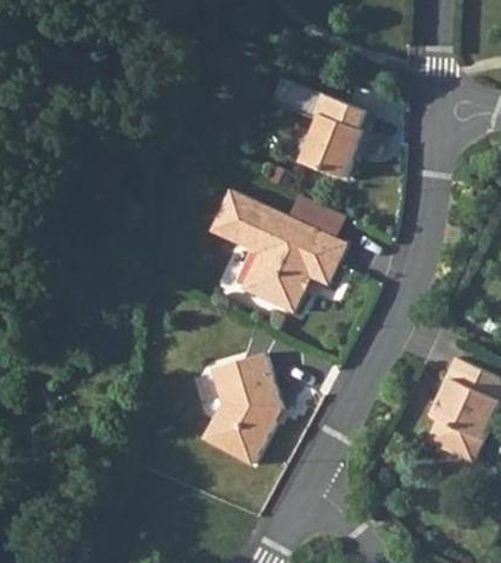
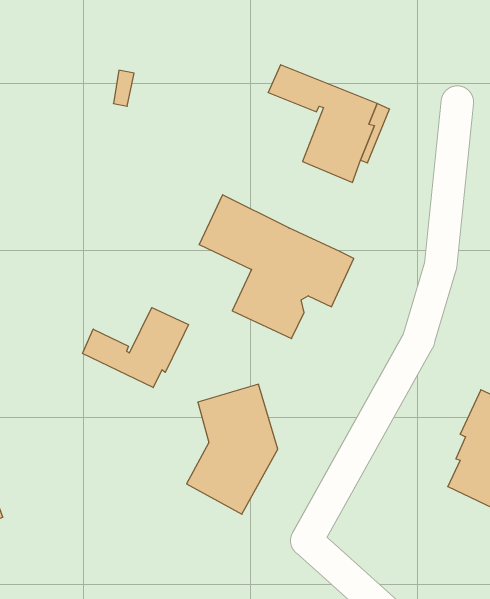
building: [289,196,343,238] -> none
building: none -> [83,308,189,388]

